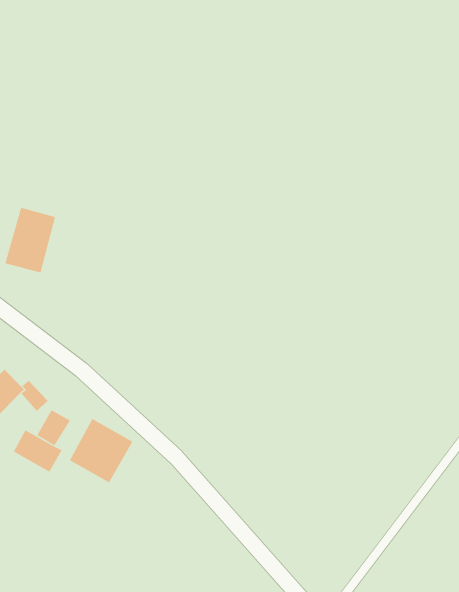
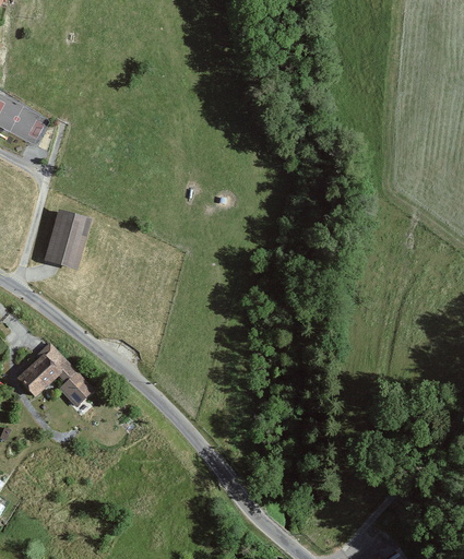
building: [69,418,133,483] -> none
building: [13,429,62,472] -> none

